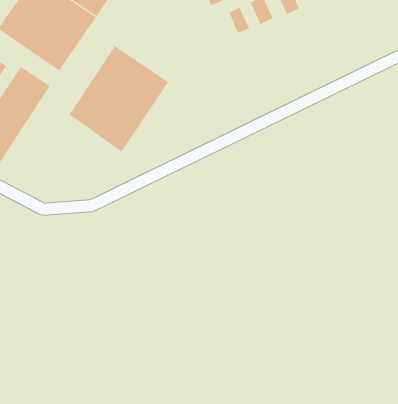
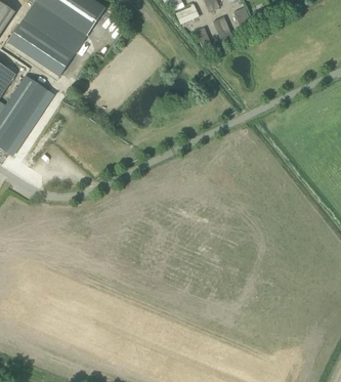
building: [69,45,169,152] -> none

